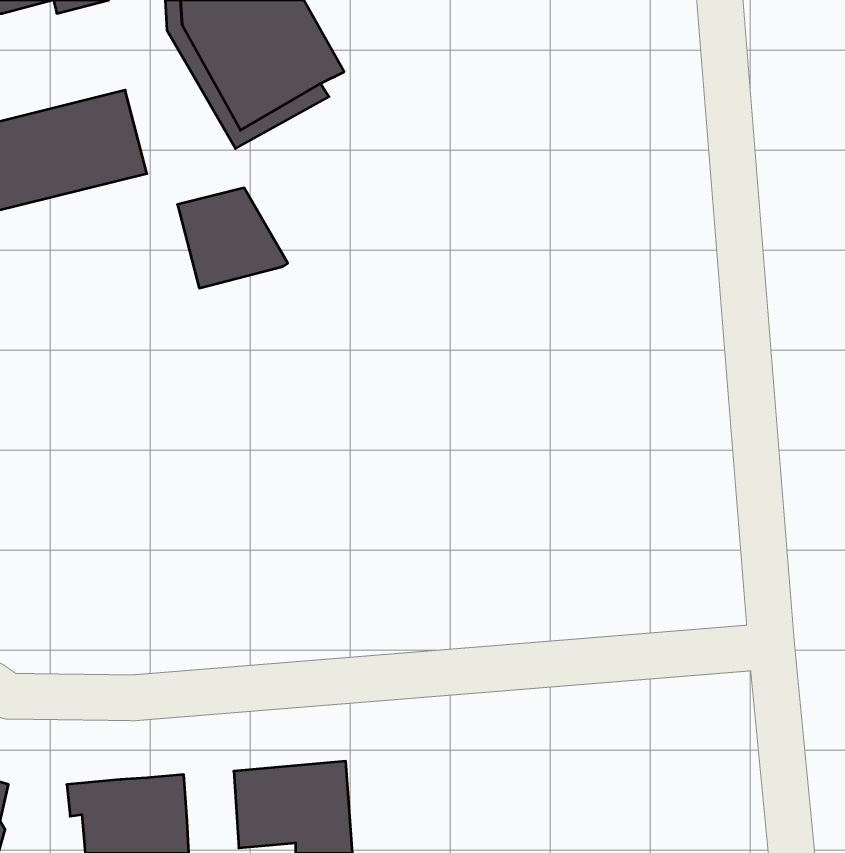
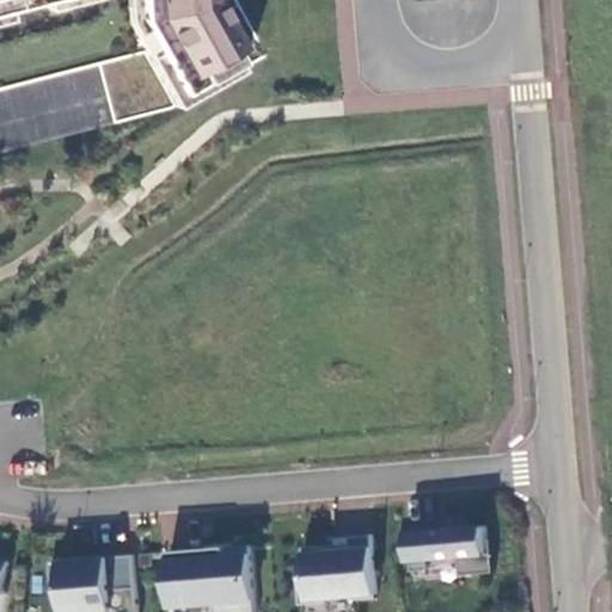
building: [177,188,288,288] -> [90,53,169,124]
building: none -> [405,525,491,575]
building: none -> [295,534,374,605]

